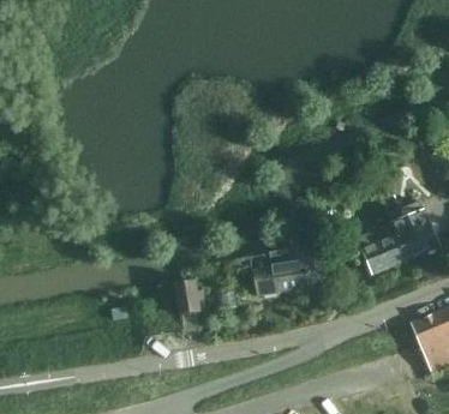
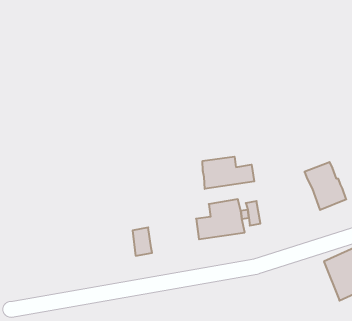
building: none -> [203,157,254,189]
building: [358,223,407,272] -> none

